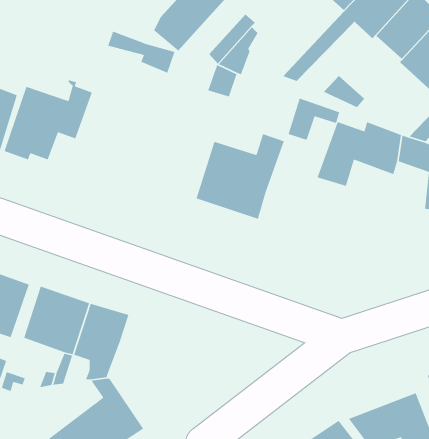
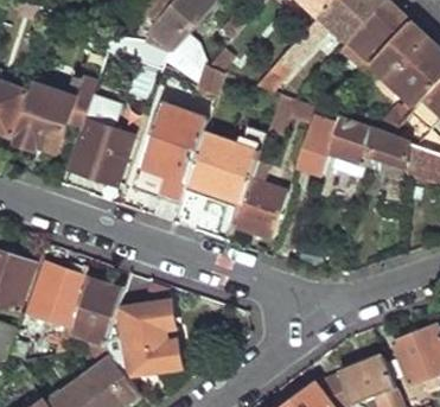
building: none -> [66,89,129,185]
building: none -> [130,103,206,203]
building: none -> [234,179,286,237]
building: none -> [106,303,178,376]

